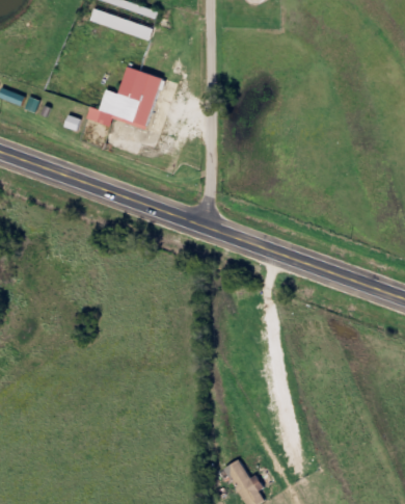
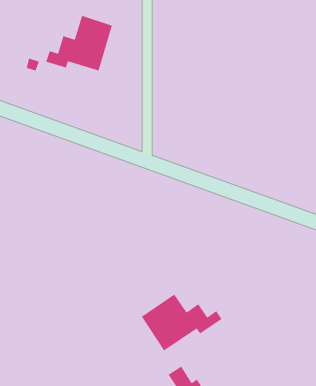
building: none -> [141,293,223,351]

